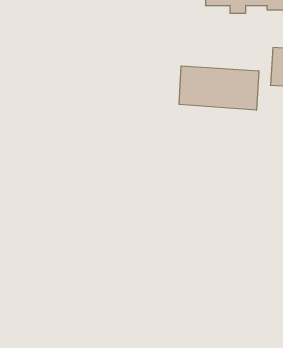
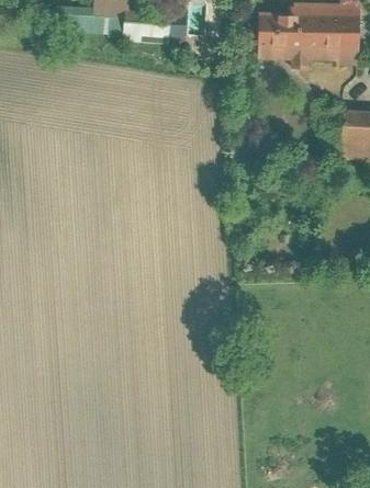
building: [179,66,259,110] -> none

